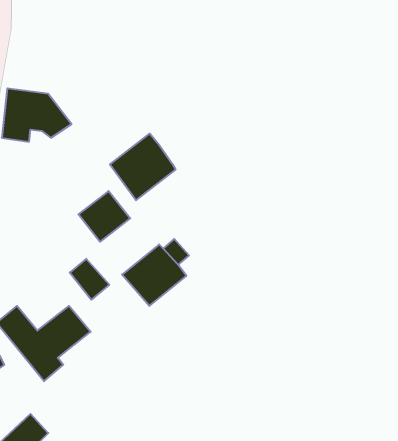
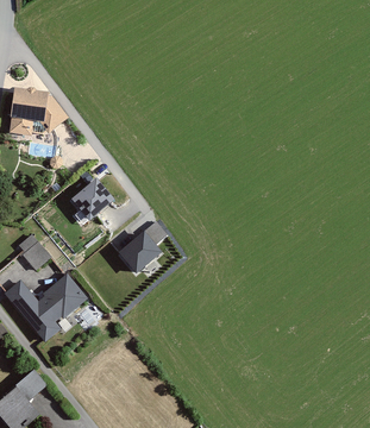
building: [110,134,176,200] -> none
building: [70,259,109,300] -> [19,232,54,268]

